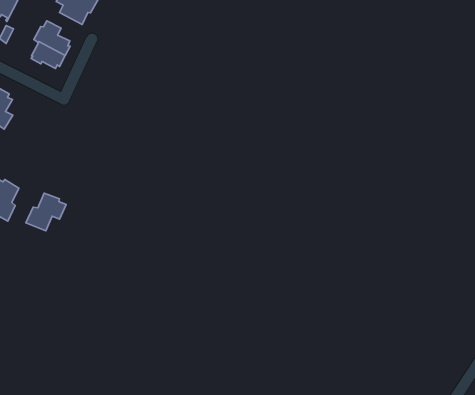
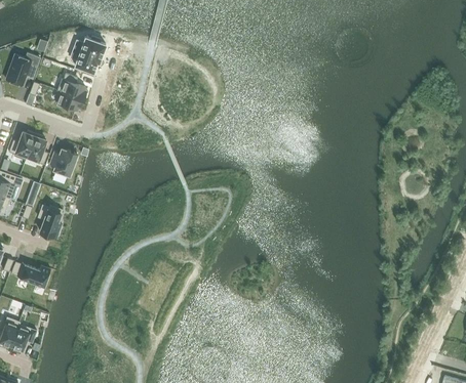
building: none -> [49,150,77,177]
building: [26,193,66,231] -> none

